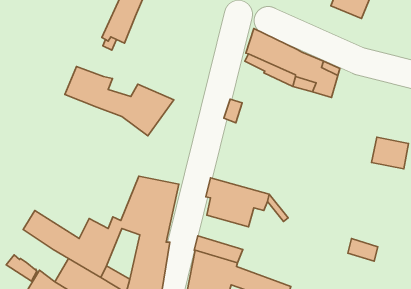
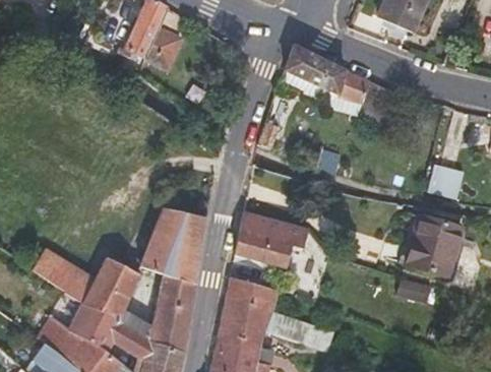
building: none -> [146,29,182,70]
building: [65,66,174,136] -> none
building: none -> [405,216,461,277]

